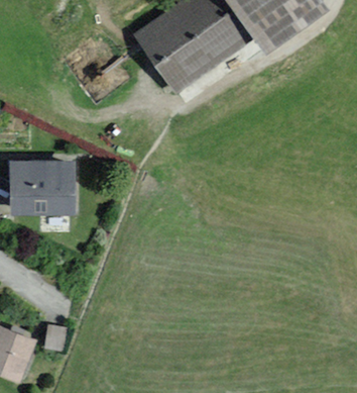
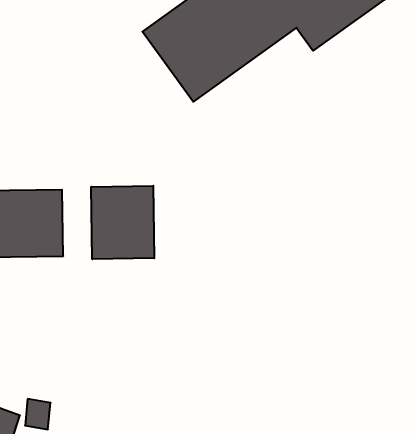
building: none -> [91,186,154,259]

